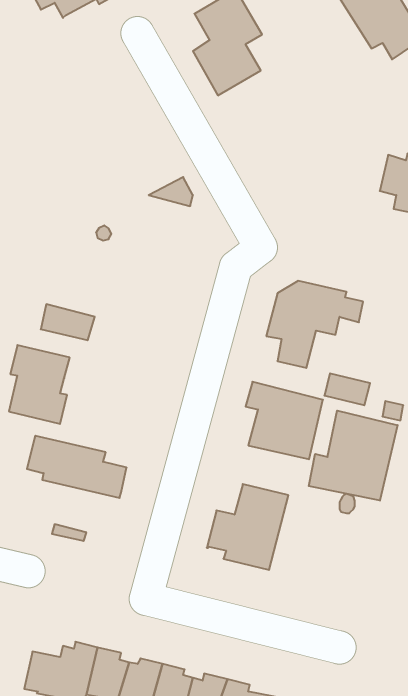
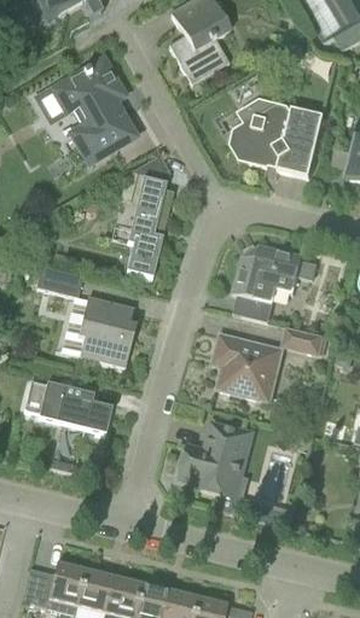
building: none -> [54,62,133,163]
building: none -> [226,100,325,177]
building: none -> [126,179,173,279]
building: [9,345,70,424] -> [80,298,133,367]
building: [309,411,398,501] -> none

